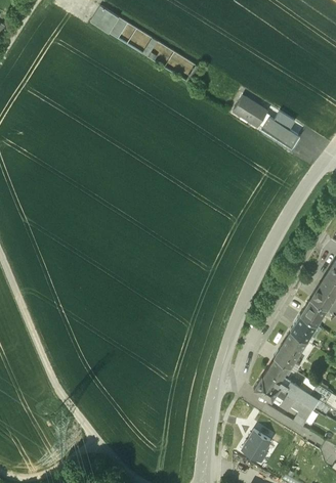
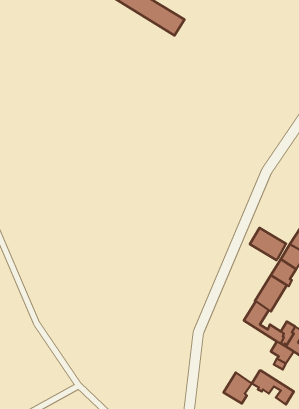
building: [234,96,299,147] -> none
building: none -> [250,228,286,260]
building: [254,376,297,410] -> [252,371,294,405]

